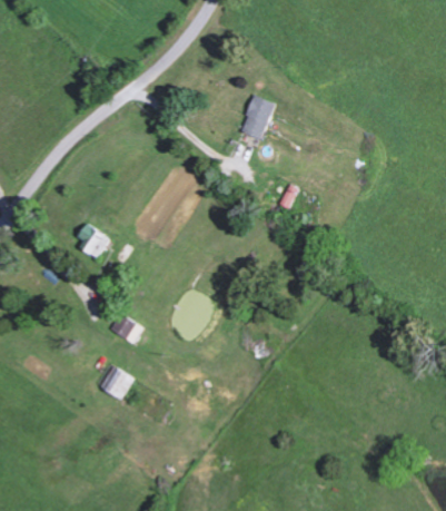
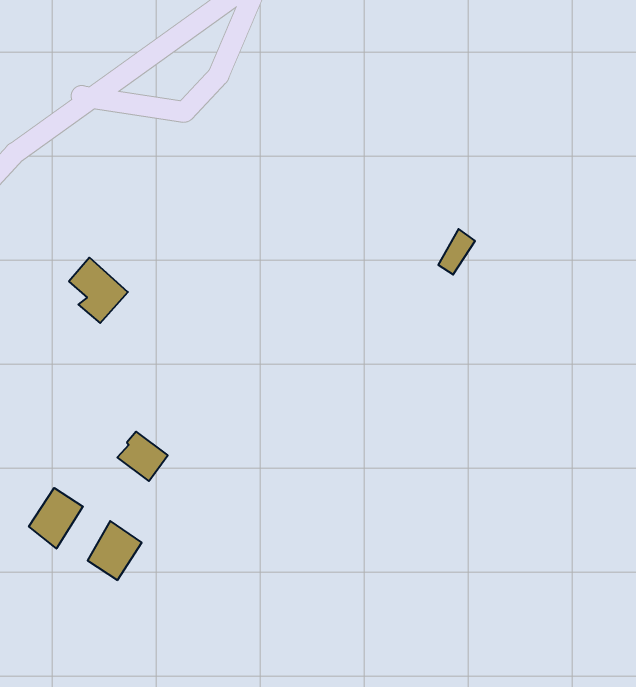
building: [239,95,276,139] -> none
building: none -> [29,488,83,549]

